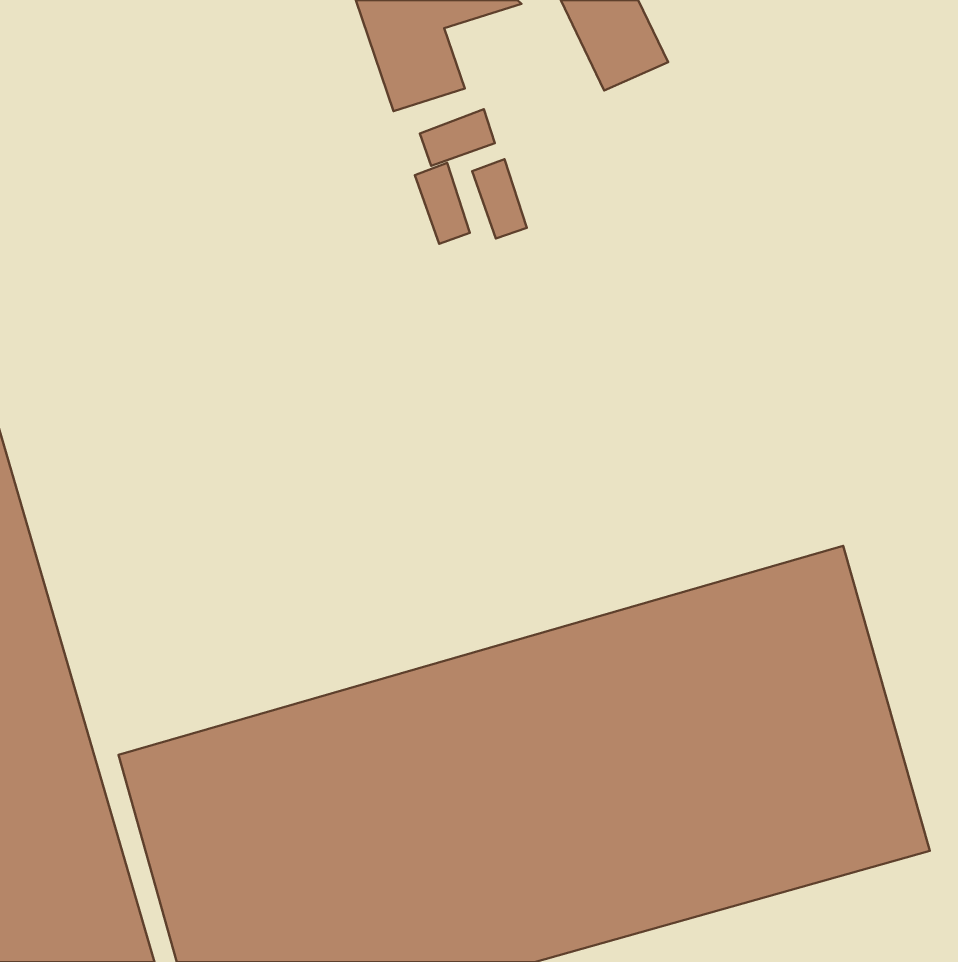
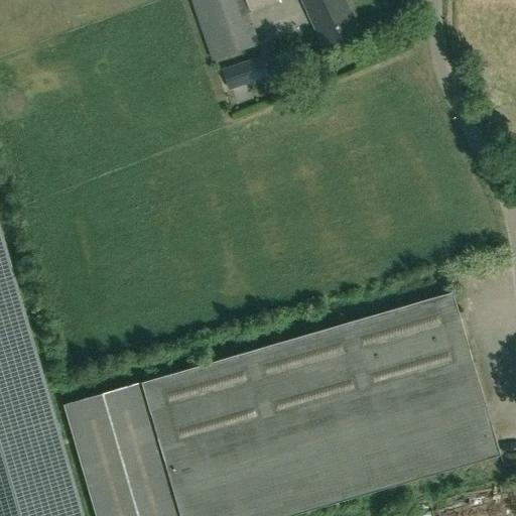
building: [472,159,527,239] -> none
building: [415,163,470,244] -> none

